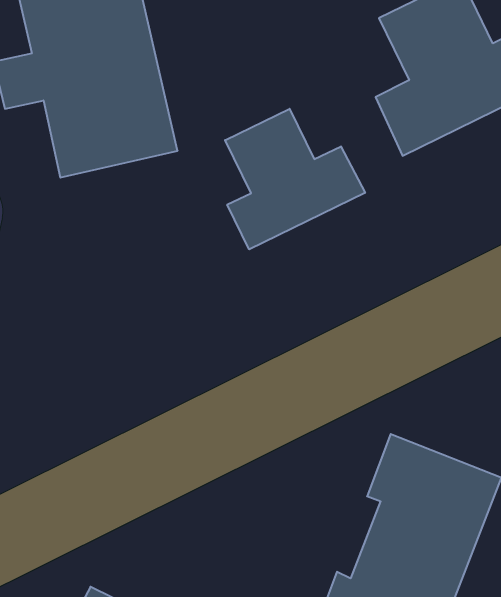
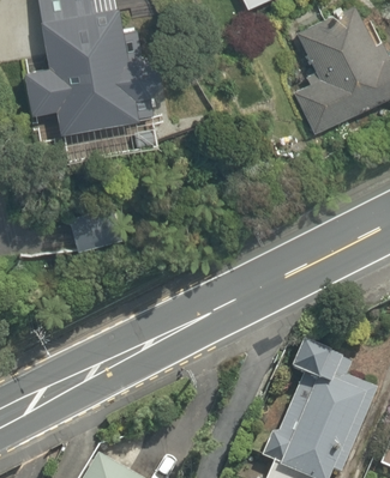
building: [225,109,365,249] -> none

